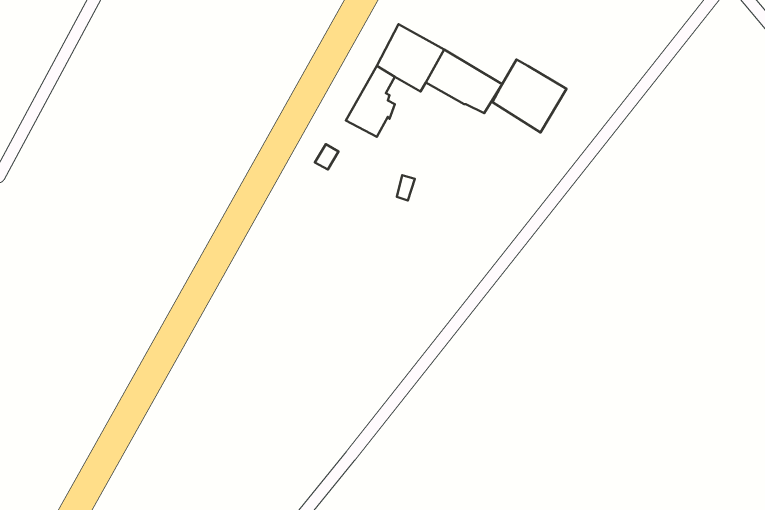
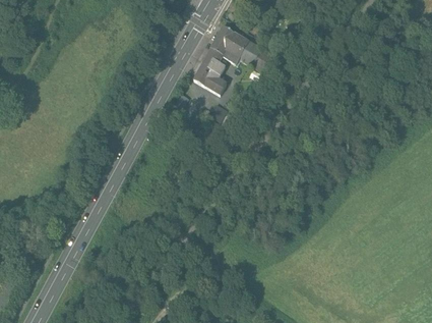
building: [492,59,566,132] -> none

